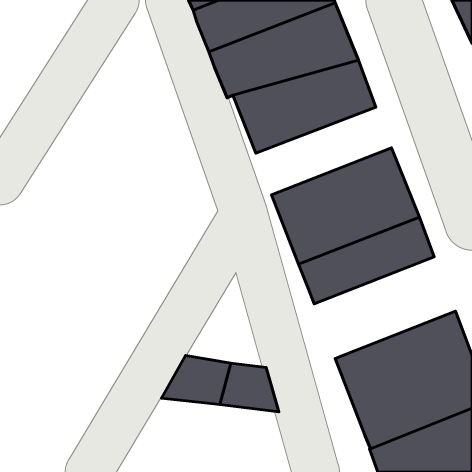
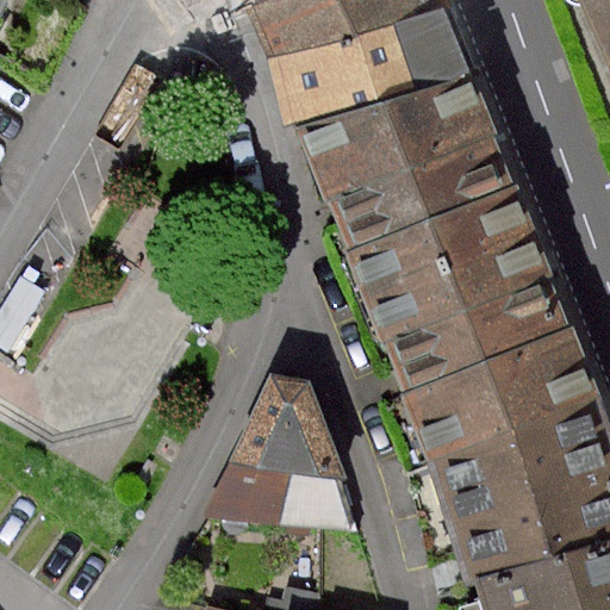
building: none -> [330,138,505,251]
building: none -> [405,331,587,462]
building: none -> [239,369,356,475]

